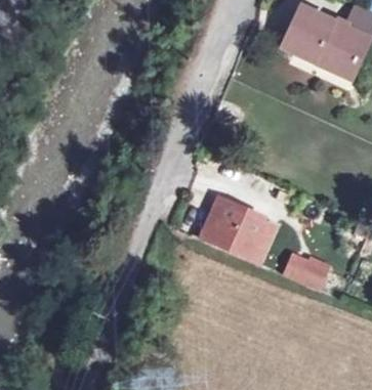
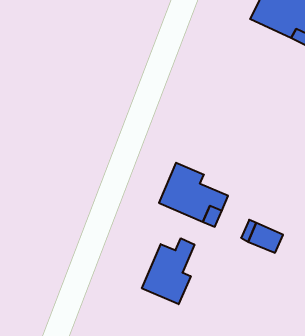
building: none -> [142,238,194,304]

